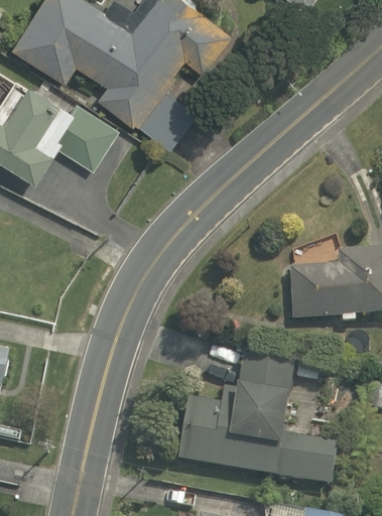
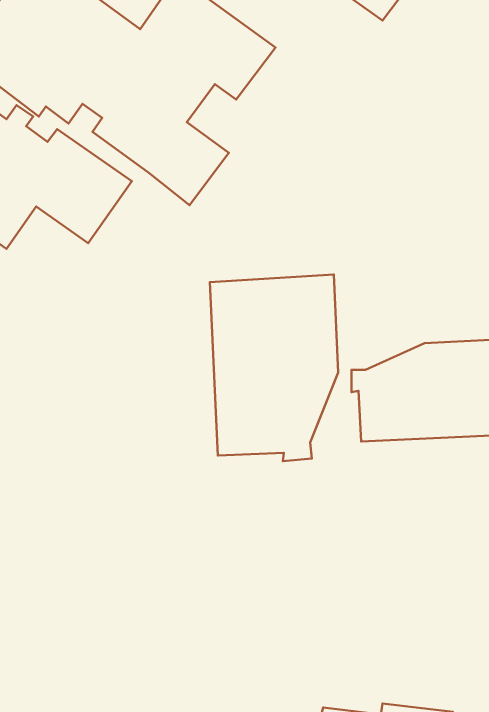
building: none -> [210,274,338,461]
building: [176,336,336,485] -> none

